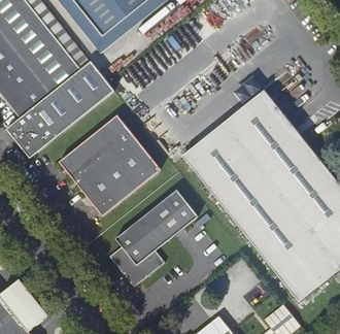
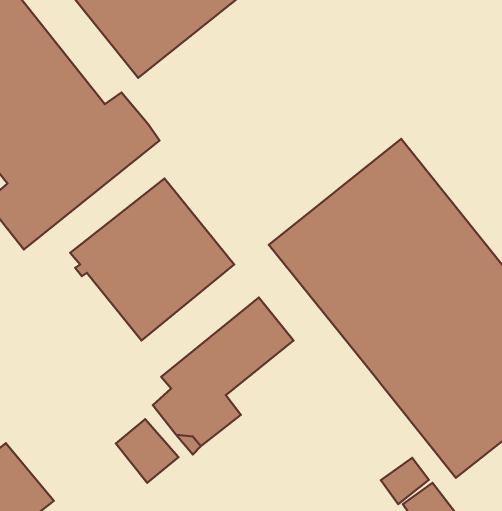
building: none -> [116,419,179,483]
building: none -> [381,458,429,504]

